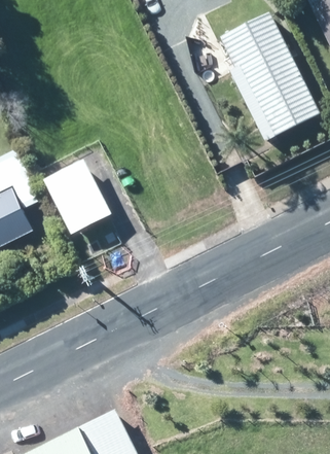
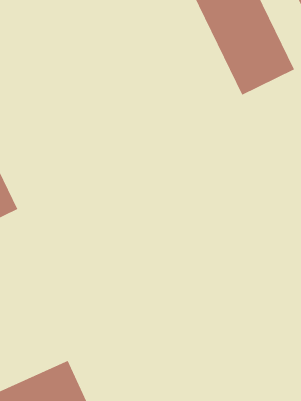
building: [43,166,110,246] -> none

